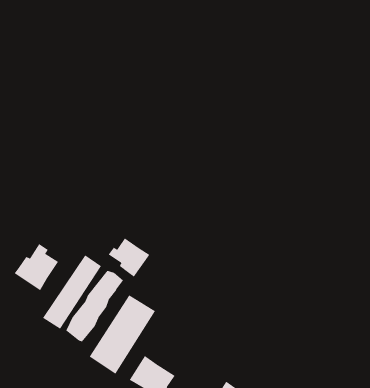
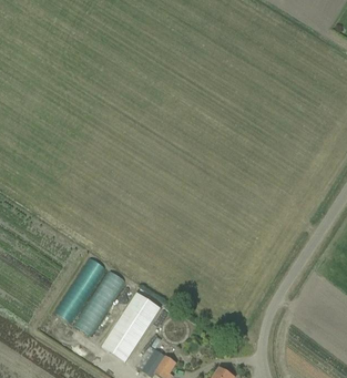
building: [108,238,150,277] -> none
building: [14,243,59,291] -> none

